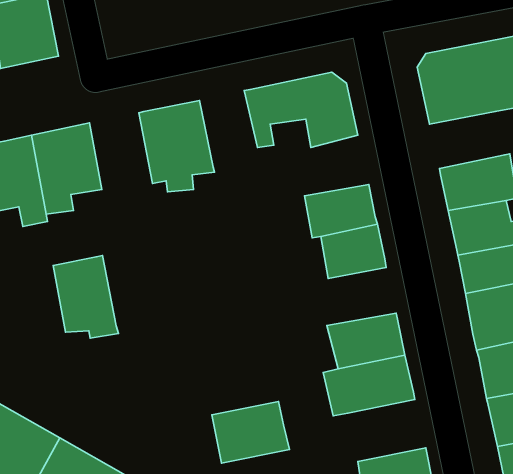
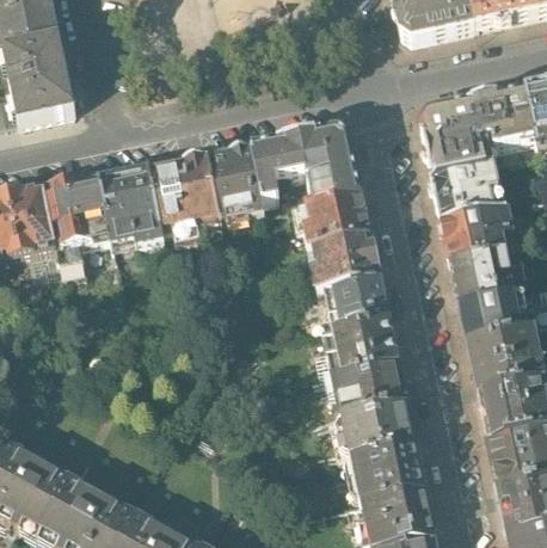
building: none -> [209,140,268,214]
building: none -> [431,160,504,215]
building: none -> [295,183,373,241]
building: [53,255,119,338] -> [103,161,166,241]
building: none -> [324,310,399,367]
building: [212,401,290,463] -> [352,438,428,498]

